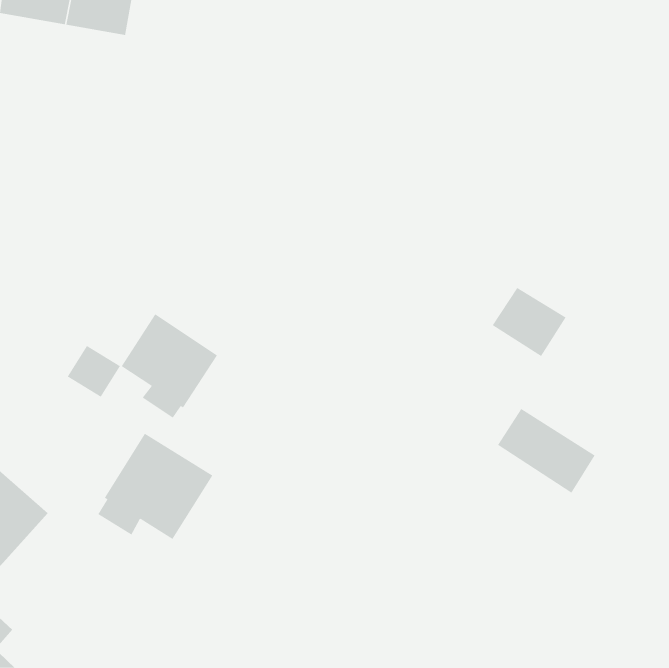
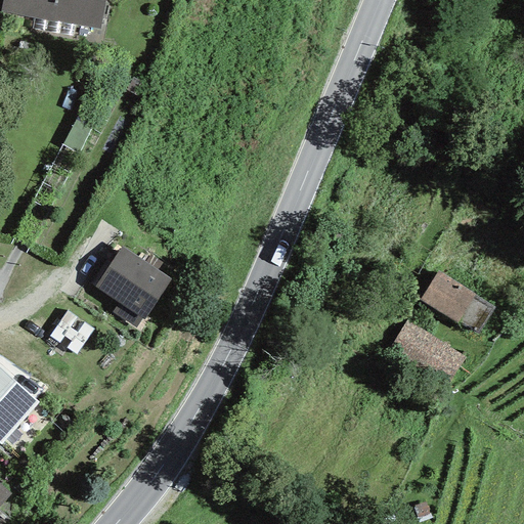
building: [492,287,567,357] -> [418,268,476,322]
building: [67,345,121,398] -> [52,314,94,355]
building: [97,433,213,540] -> none

